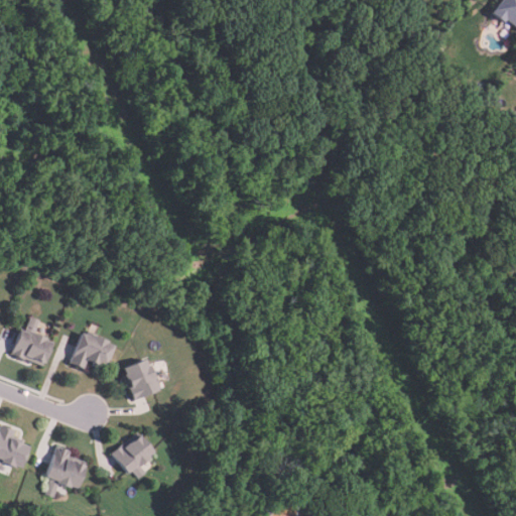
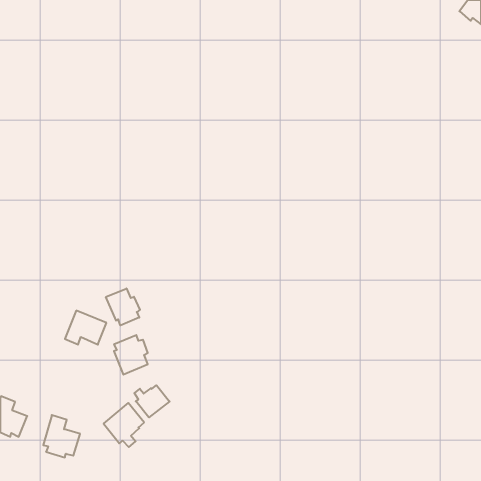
building: none -> [106,288,140,325]
building: [11,316,52,364] -> none
building: none -> [134,385,170,417]

